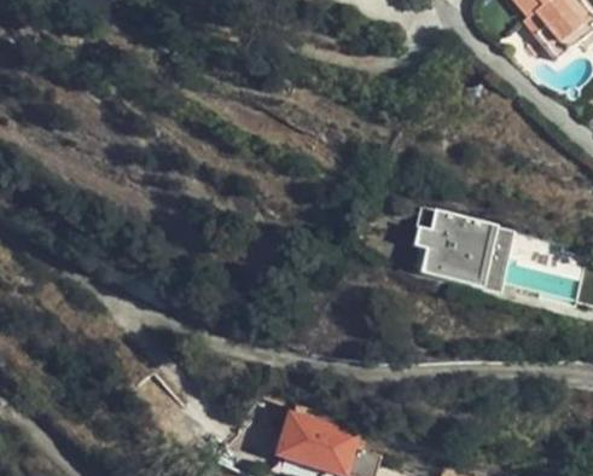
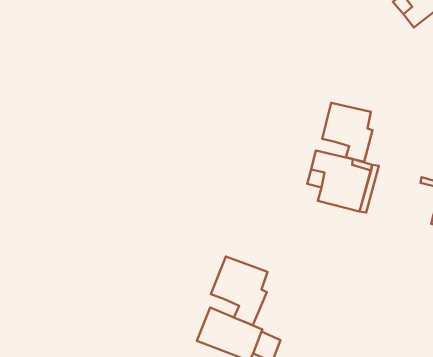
building: none -> [322,103,373,162]
building: none -> [211,256,267,325]

